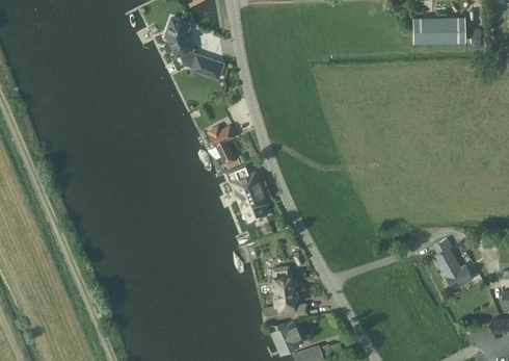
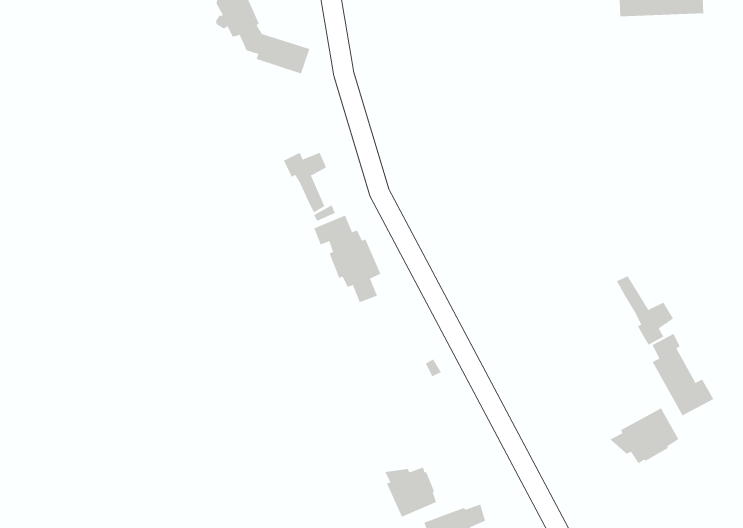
building: none -> [616,275,674,346]
building: [263,267,312,323] -> none
building: none -> [609,407,679,464]

